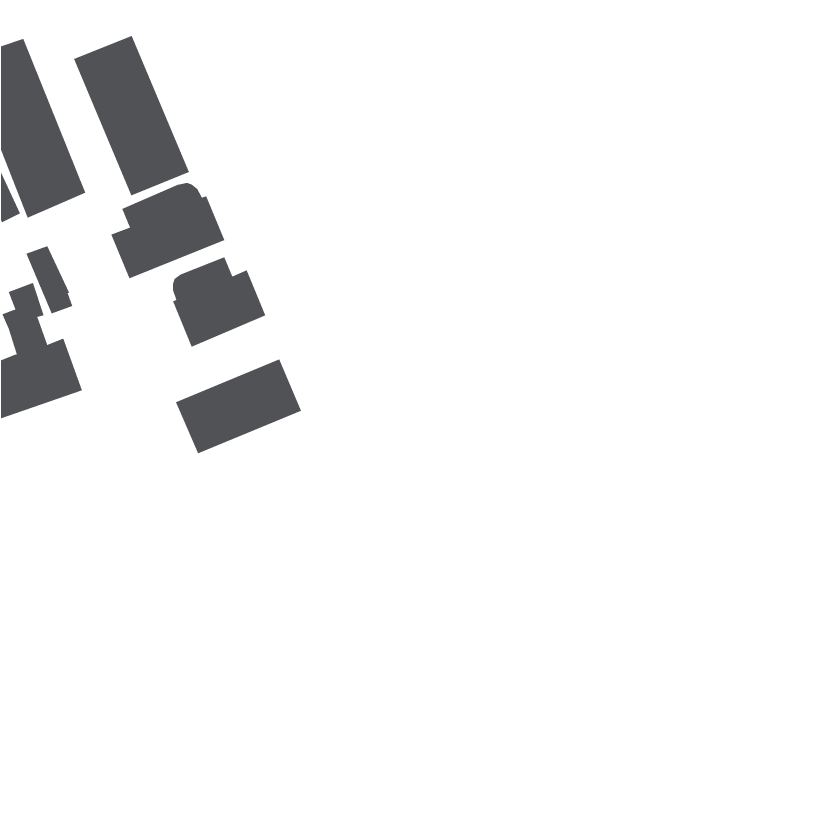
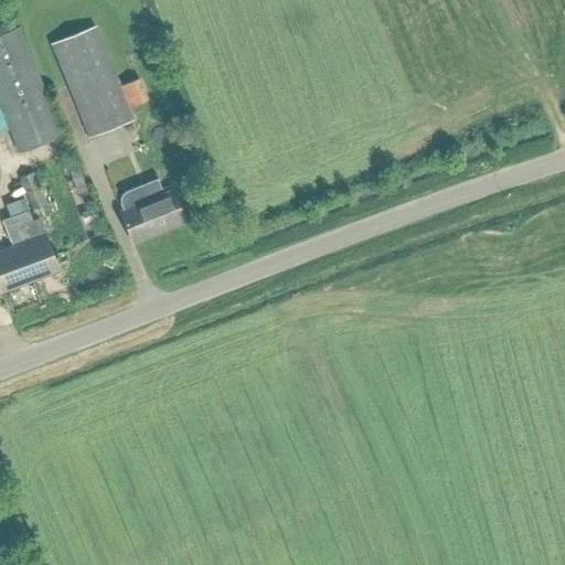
building: [111,182,225,279] -> none
building: [175,359,302,454] -> none

